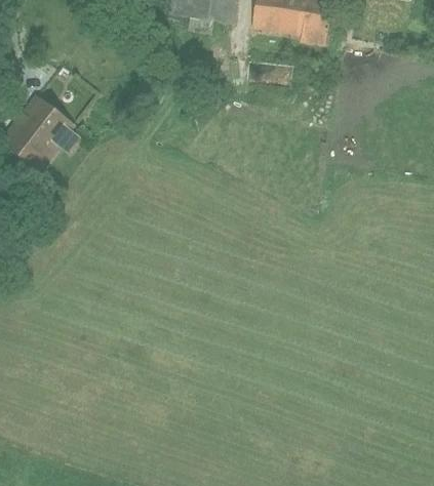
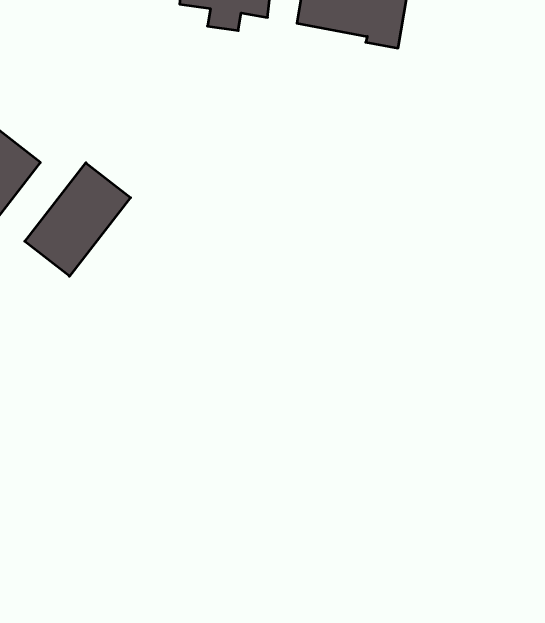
building: none -> [25,163,131,276]

